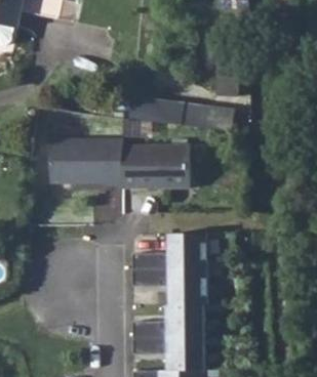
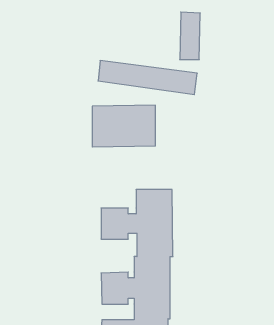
building: [48,139,121,185] -> none

